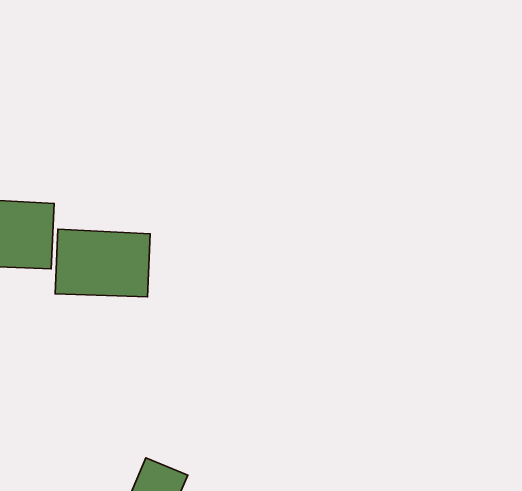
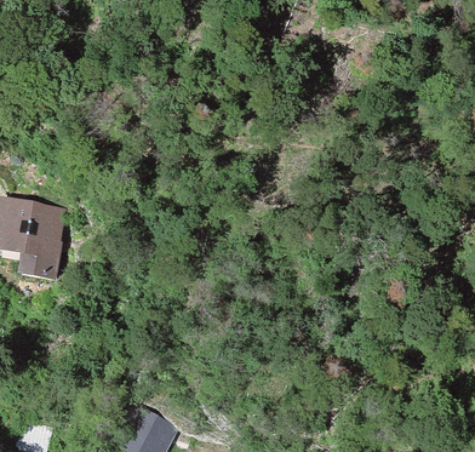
building: [55,229,150,297] -> none

